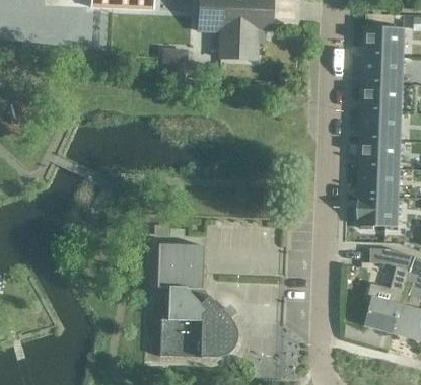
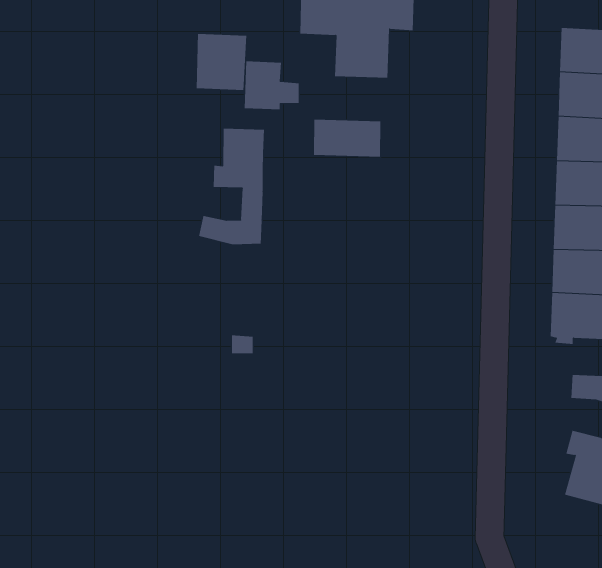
building: none -> [196,33,247,91]
building: none -> [313,119,381,157]
building: none -> [198,128,265,245]
building: [155,243,236,358] -> none

